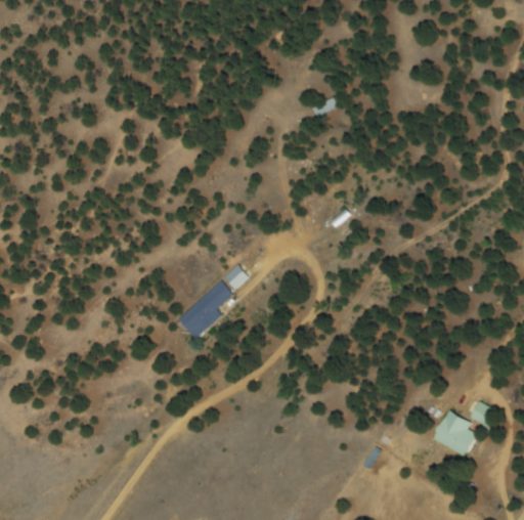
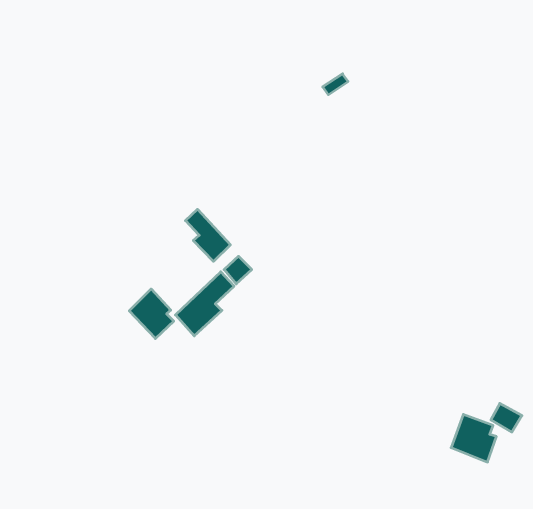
building: none -> [185,209,230,261]
building: none -> [129,289,174,339]

